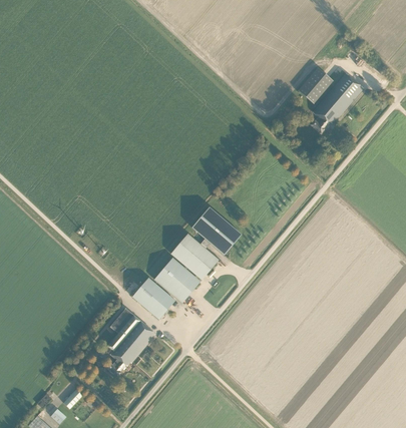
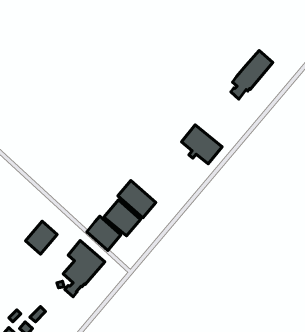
building: [297,67,332,103] -> none
building: [191,206,242,255] -> [181,125,222,164]
building: none -> [25,221,57,254]

